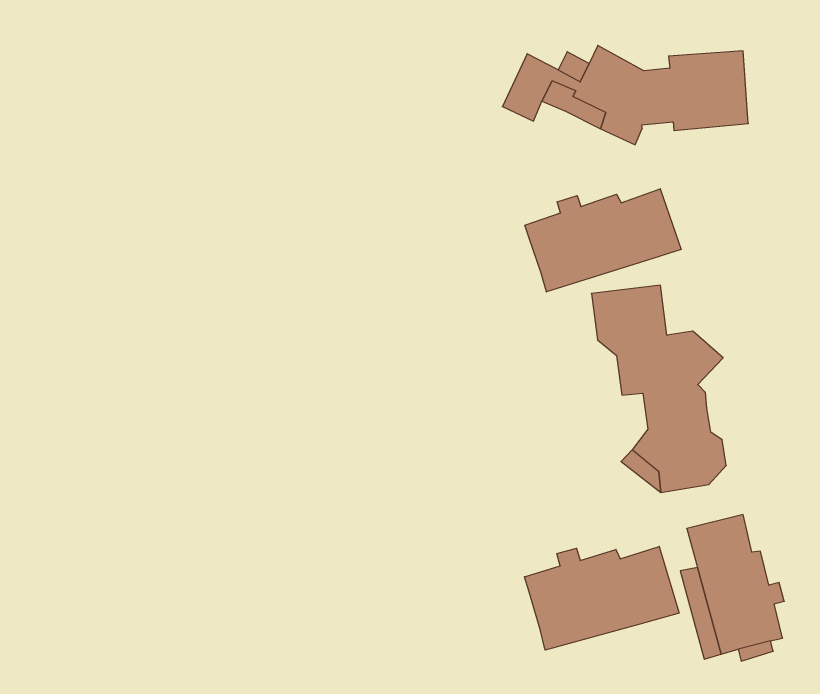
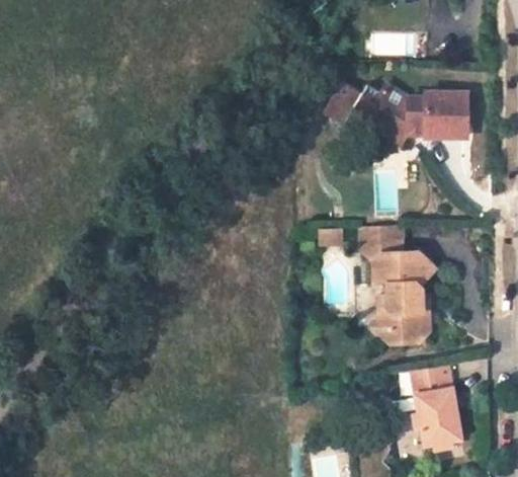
building: [525,189,681,292] -> none
building: [524,546,679,650] -> none

